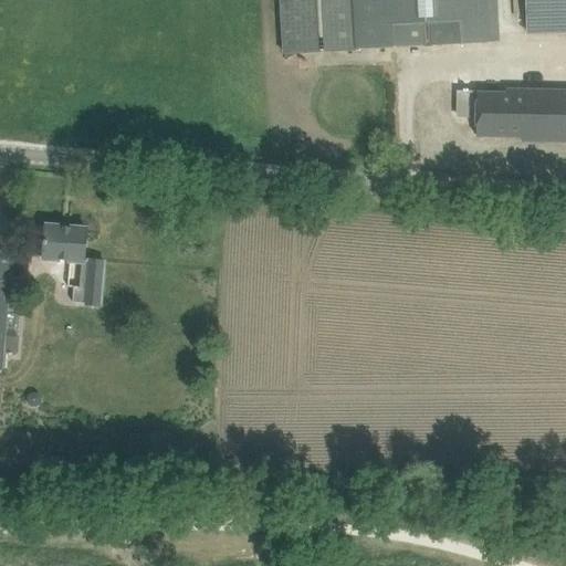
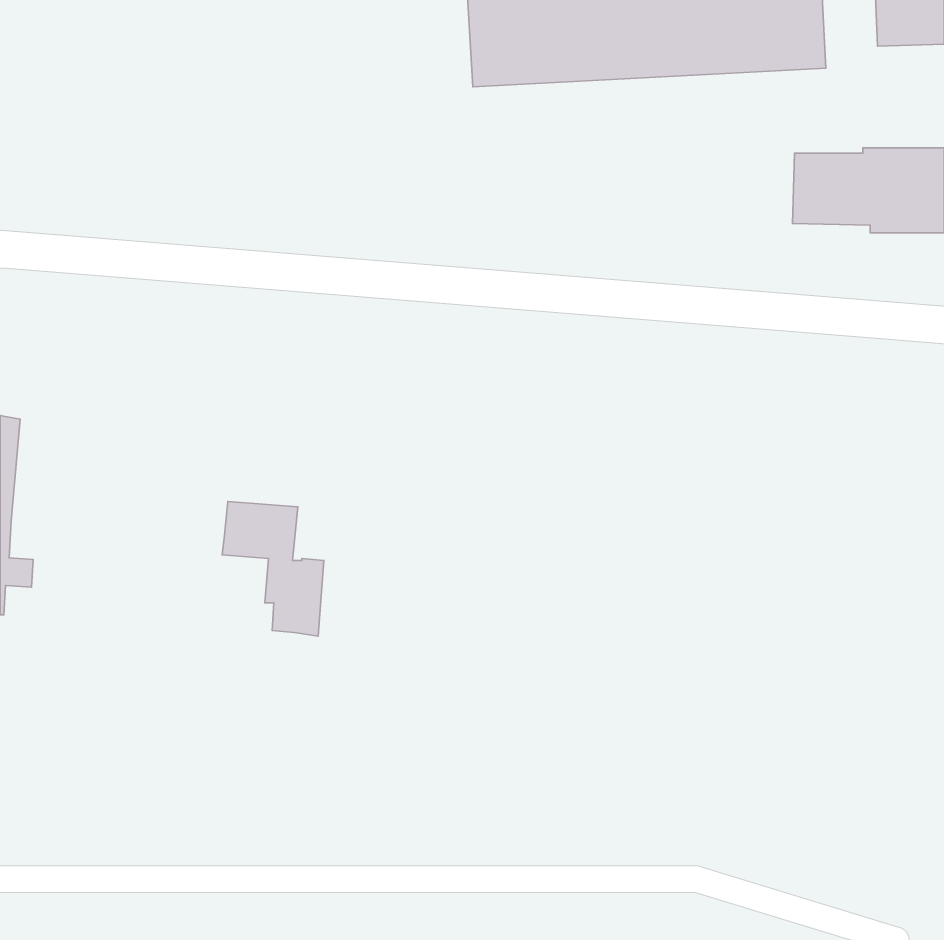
building: [42,224,103,305] -> [222,501,324,636]

